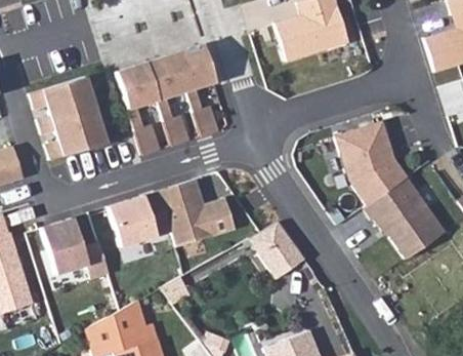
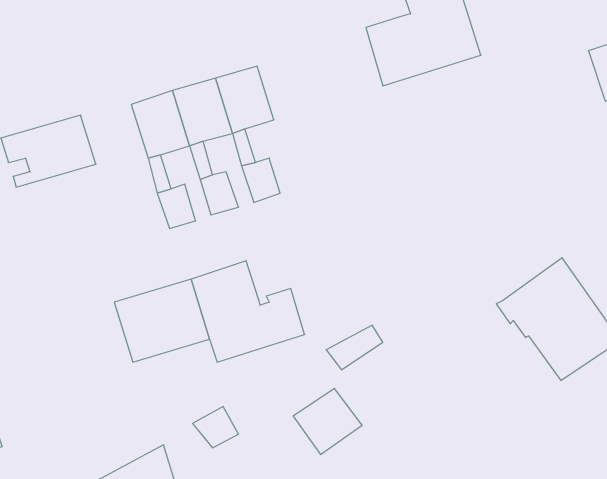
building: [42,114,104,163] -> none
building: [336,121,407,205] -> none
building: [41,217,109,278] -> none
building: [259,233,305,277] -> [293,388,362,454]

